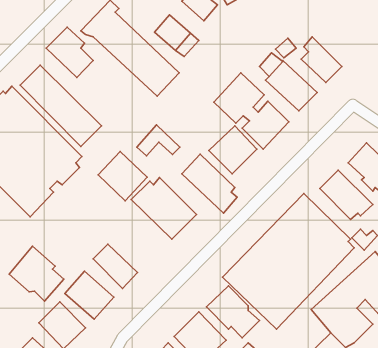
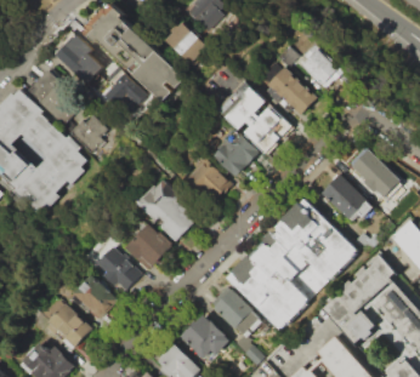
building: [137,125,180,156] -> [100,73,142,103]
building: [98,151,147,201] -> [125,221,174,269]
building: [9,246,64,301] -> none

